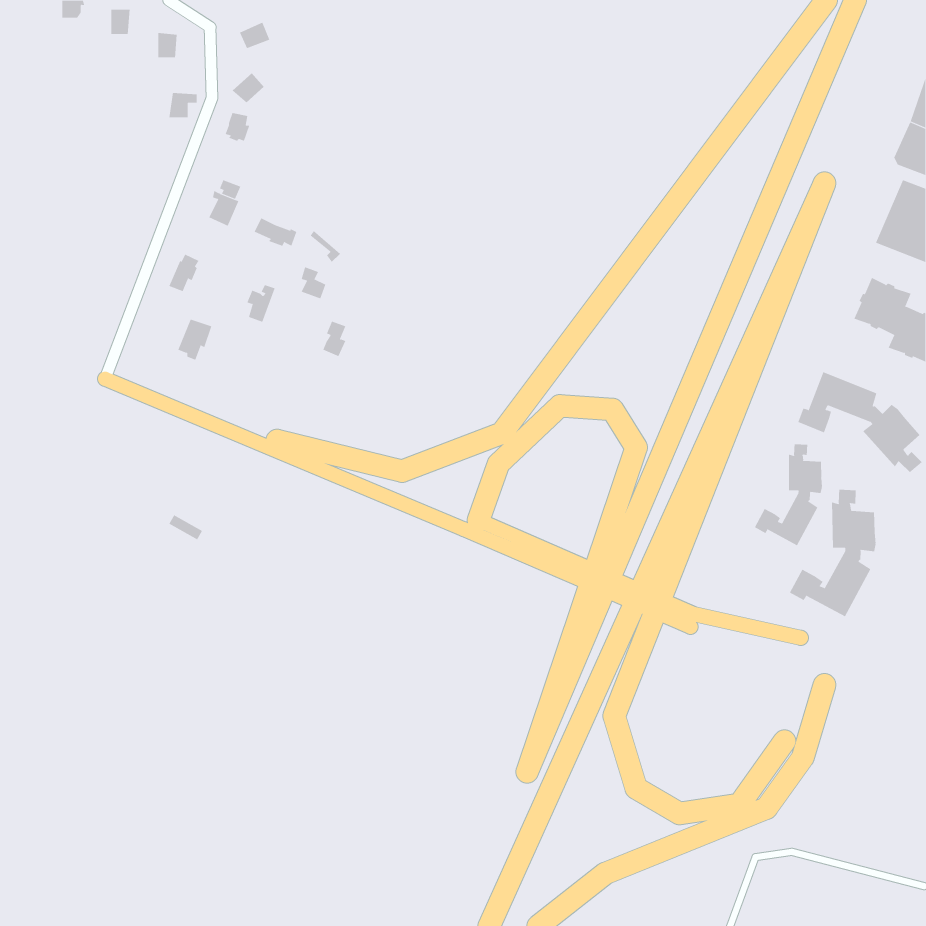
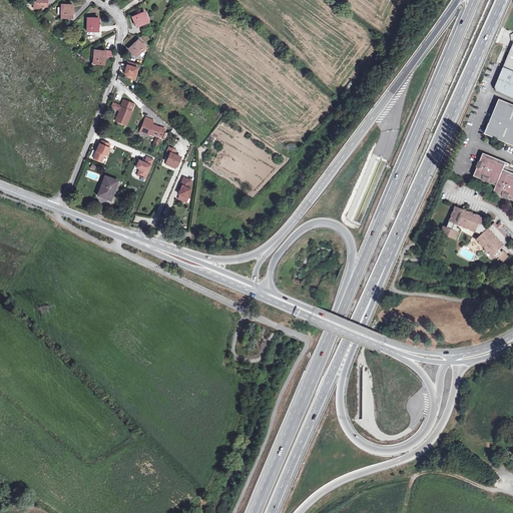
building: [754,444,822,546] -> none
building: [789,489,876,617] -> none

